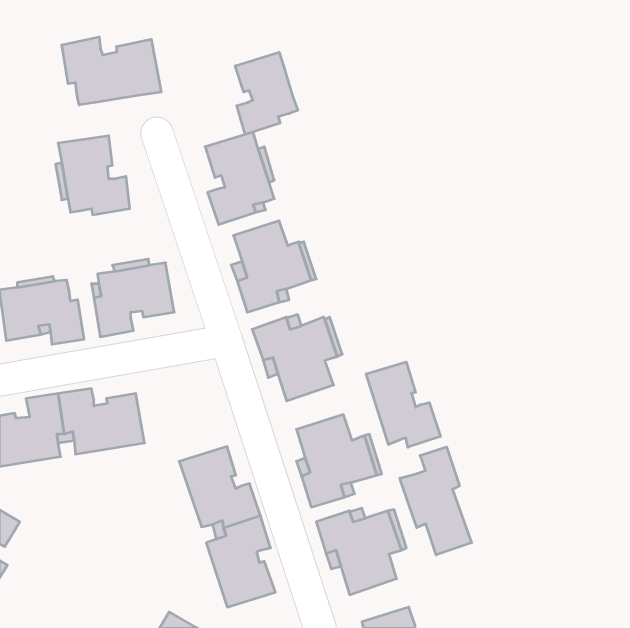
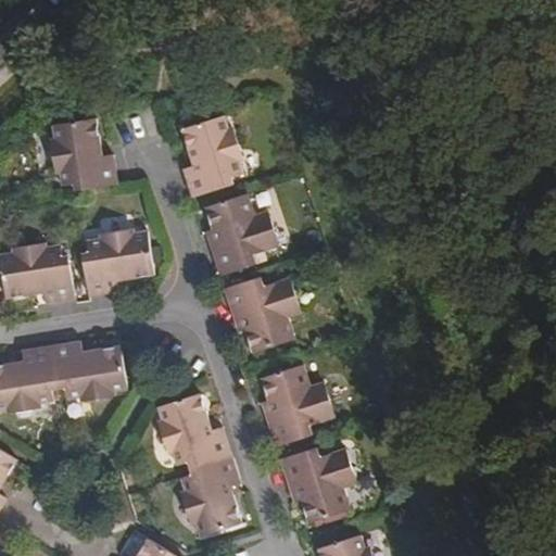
building: [62,37,161,105] -> none
building: [235,52,298,134] -> none
building: [366,362,440,447] -> none
building: [400,447,472,555] -> none

